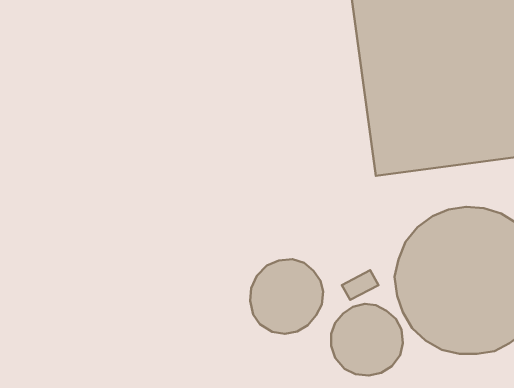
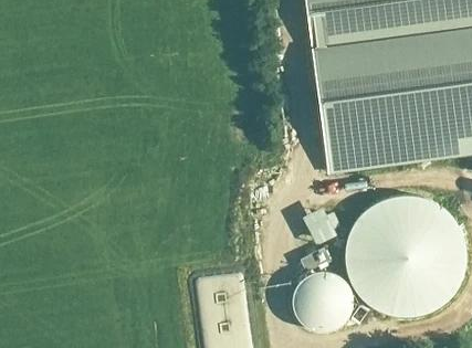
building: [250,259,323,334] -> none

